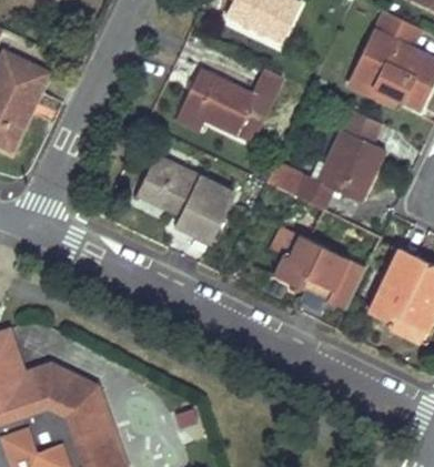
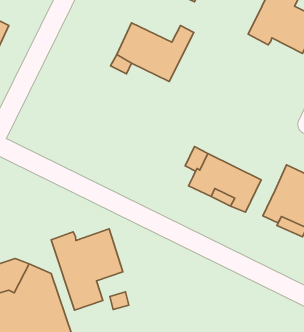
building: [266,109,386,210] -> none
building: [139,158,234,241] -> none
building: none -> [51,229,123,310]

